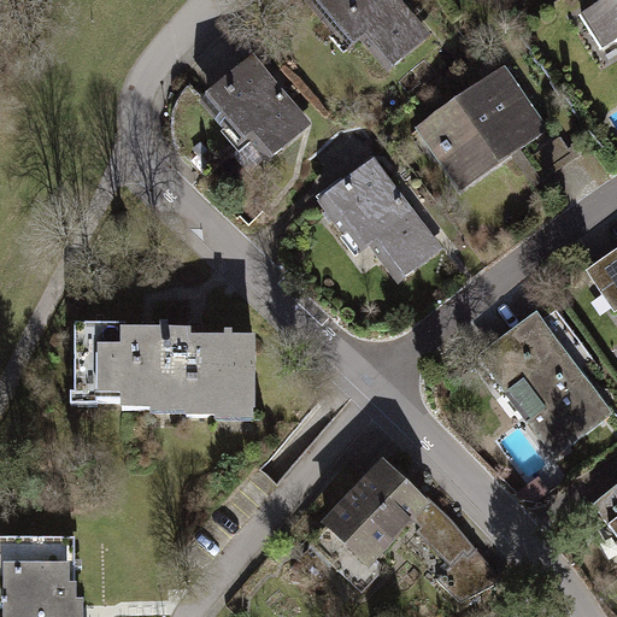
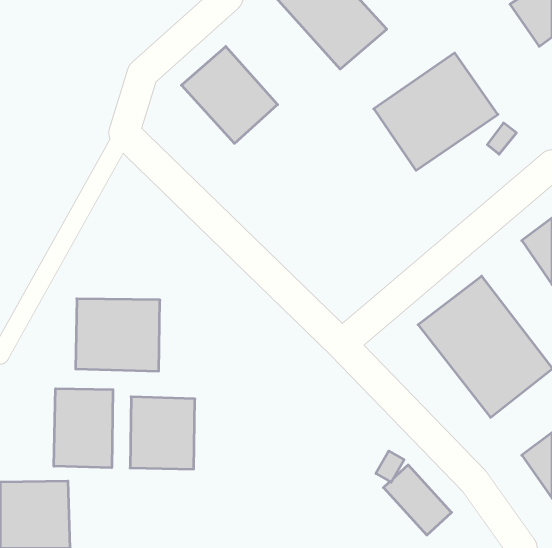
building: [315,146,451,288] -> none
building: [177,335,249,416] -> [130,397,195,469]
building: none -> [54,389,113,468]
building: [311,453,428,569] -> none

